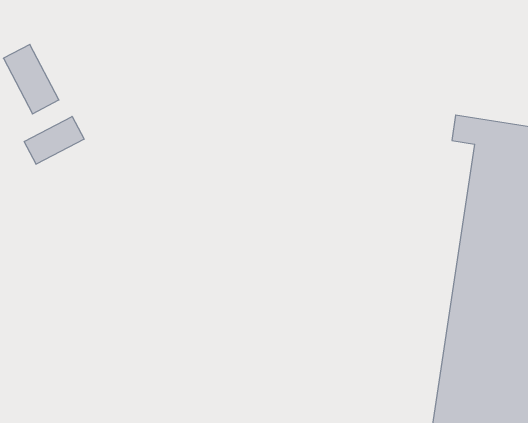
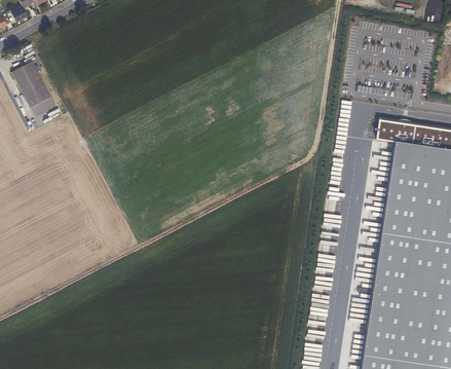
building: [24,116,84,164] -> none

